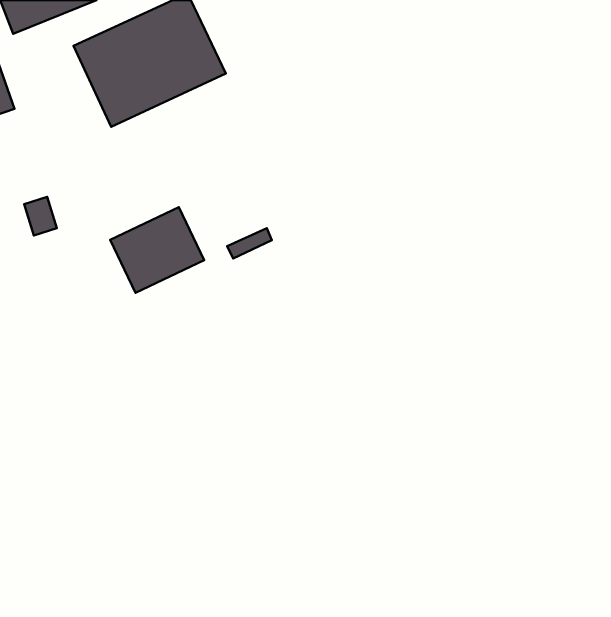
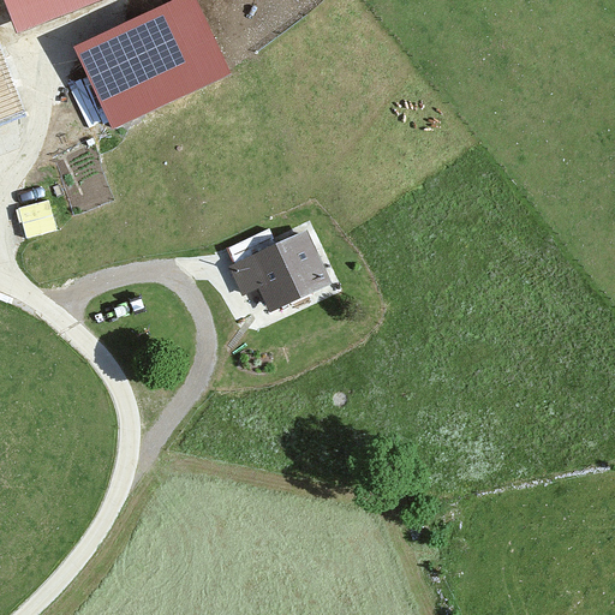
building: [110,207,204,293] -> [237,229,330,315]

